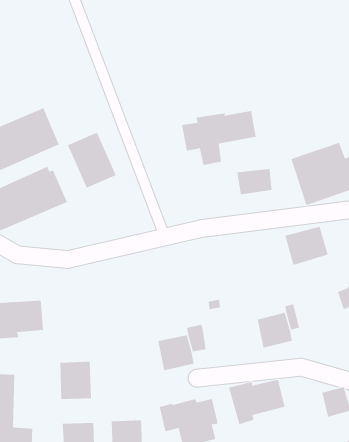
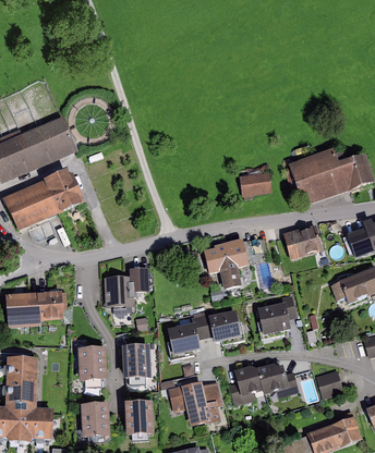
building: [181,110,257,165] -> [198,236,267,286]
building: [67,132,116,188] -> none
building: none -> [104,267,149,306]
building: none -> [208,309,241,342]
building: none -> [121,344,152,379]

